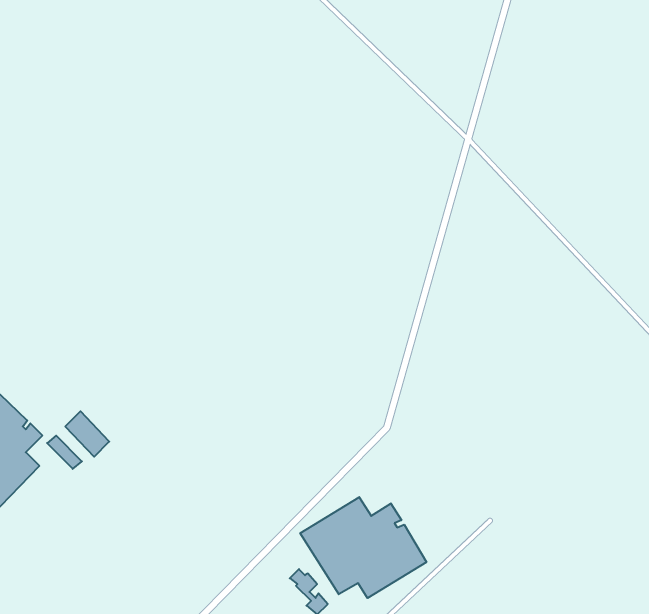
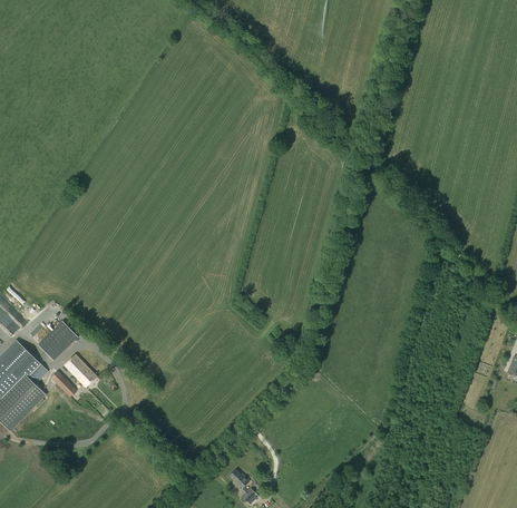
building: none -> [37,320,77,360]
building: [300,497,426,598] -> none

